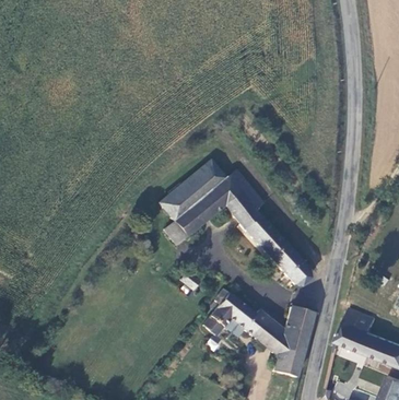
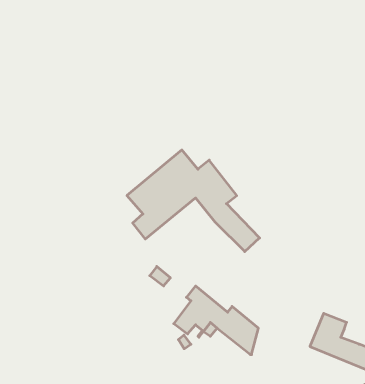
building: [272,243,312,284] -> none
building: [273,305,315,376] -> none

